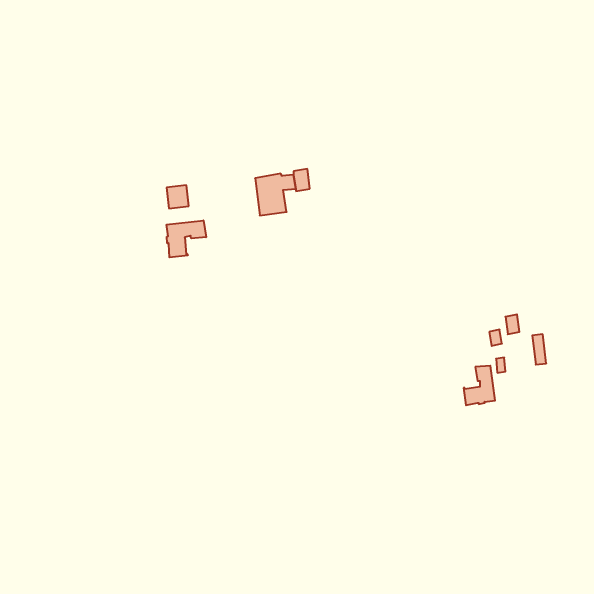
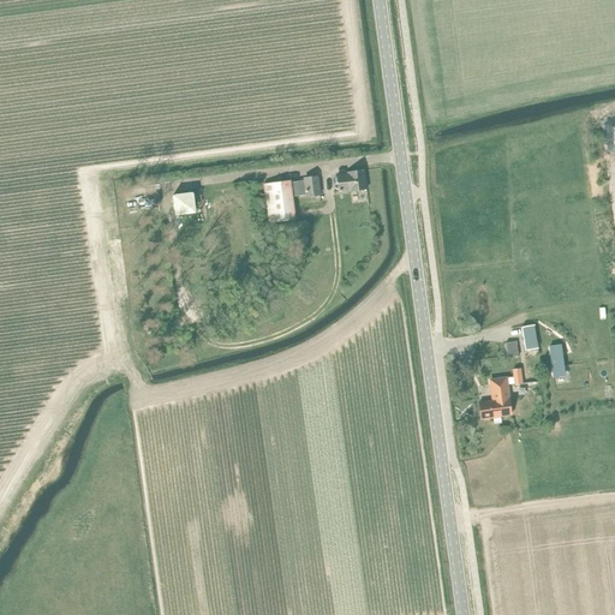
building: none -> [338,169,366,192]
building: [167,220,206,257] -> none

